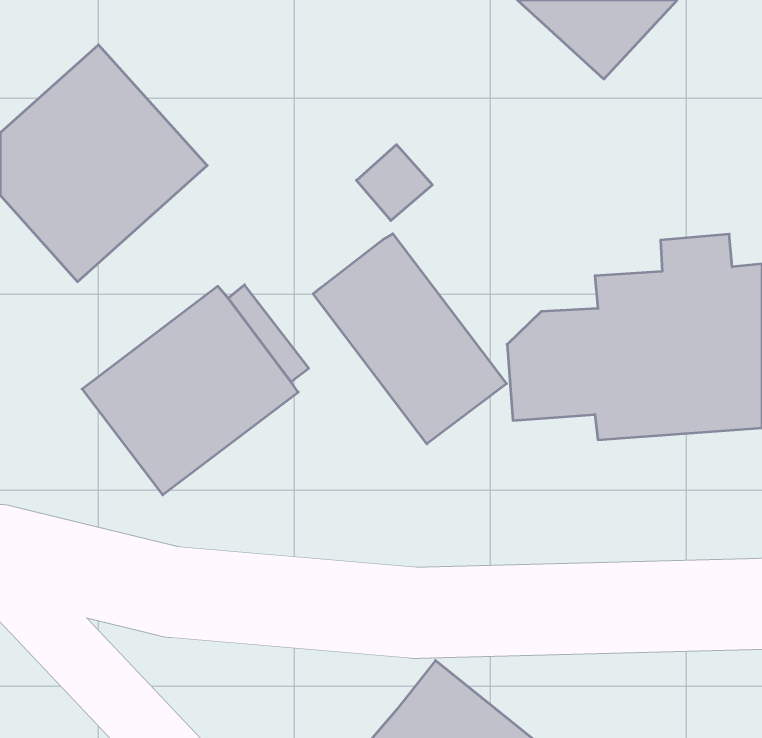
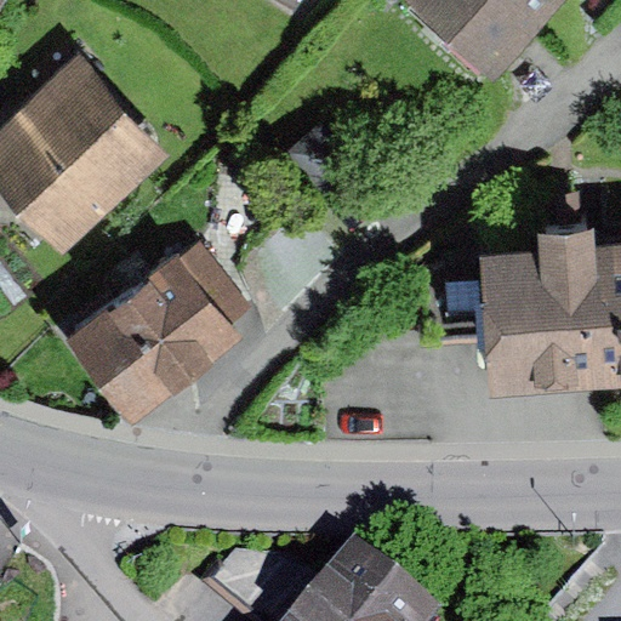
building: [313,234,507,444] -> none

